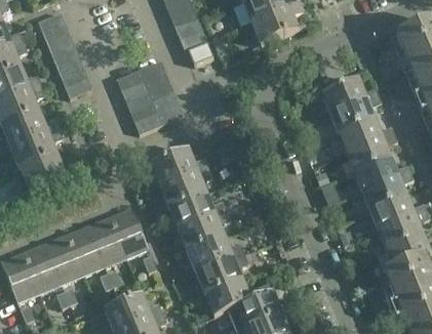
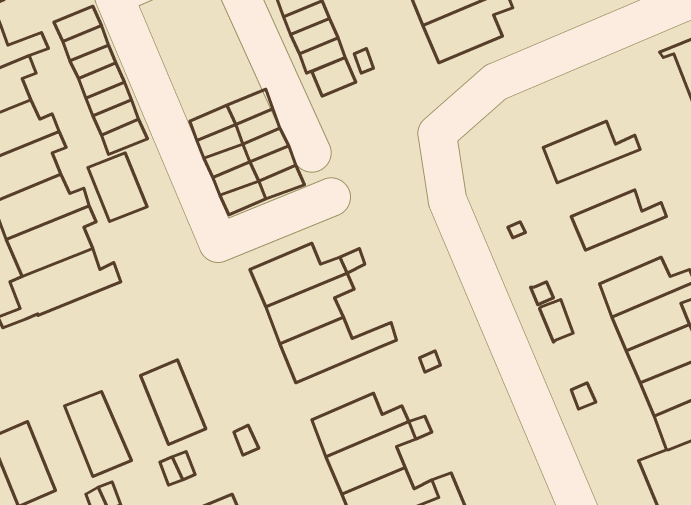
building: [329,95,381,134] -> none
building: none -> [88,153,147,222]
building: [346,134,396,173] -> none
building: [109,208,147,257] -> none
building: [178,210,230,252] -> none
building: [65,226,104,276] -> none
building: [22,244,60,293] -> none

